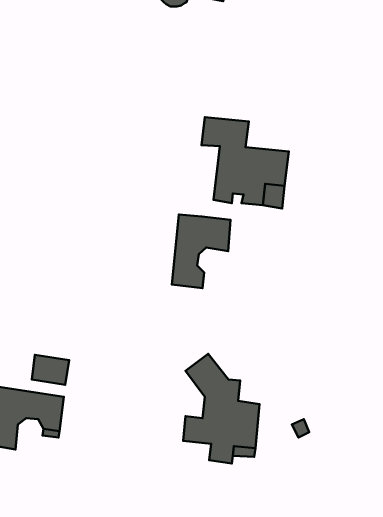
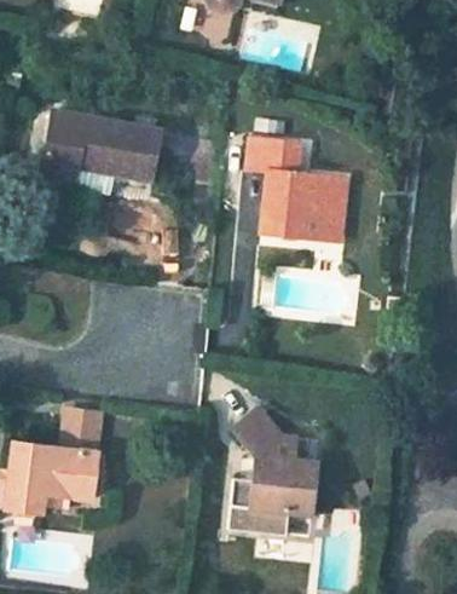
building: none -> [45,109,167,185]
building: [172,215,231,288] -> none

